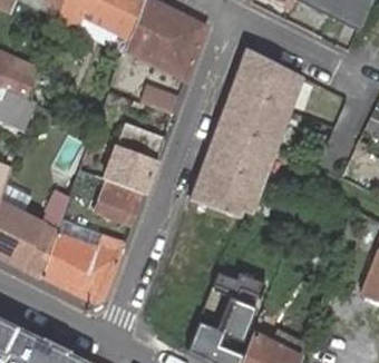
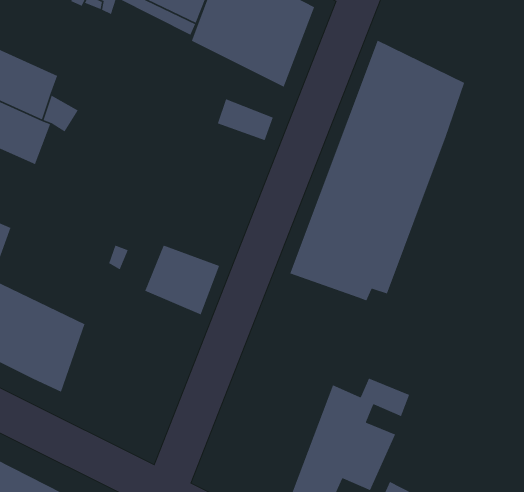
building: [105,122,165,194] -> none
building: [42,232,127,303] -> none

